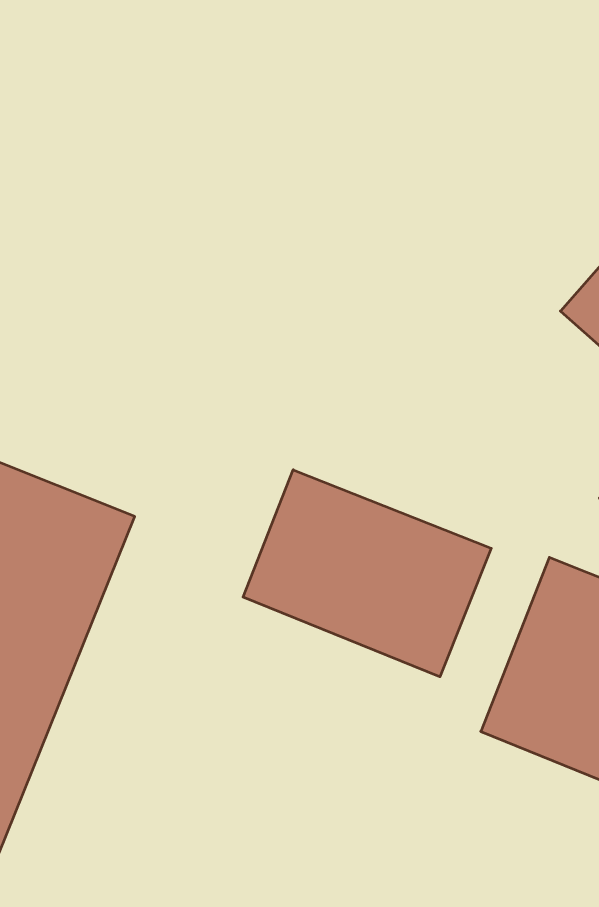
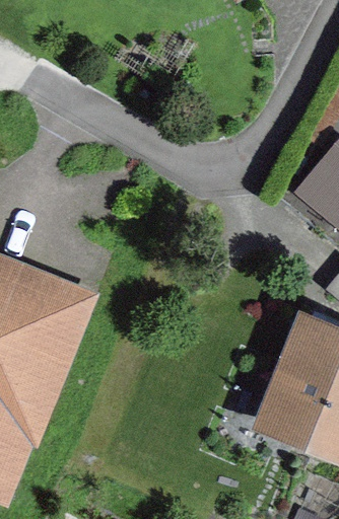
building: [243,470,491,677] -> none

